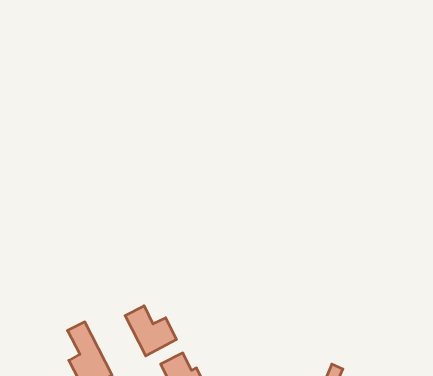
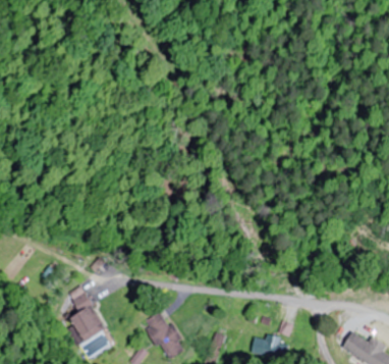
building: [125,306,176,356] -> none

